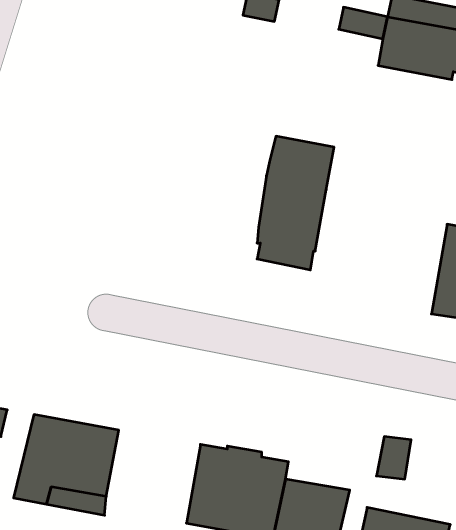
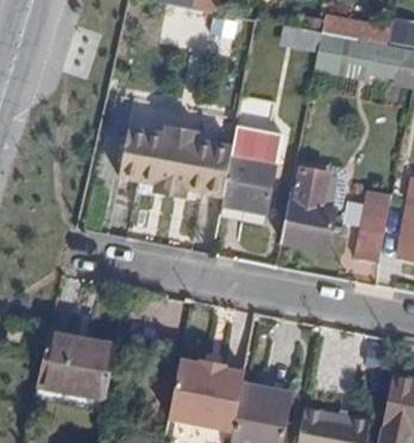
building: none -> [118,120,232,194]
building: none -> [282,148,352,247]

